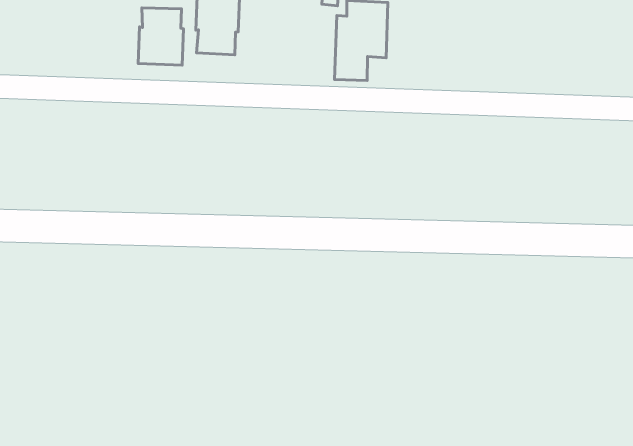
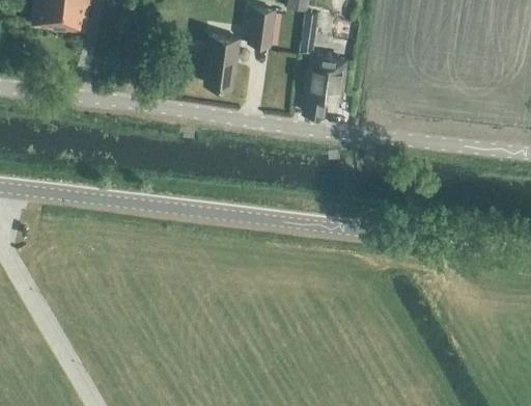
building: [138,8,184,65] -> none

